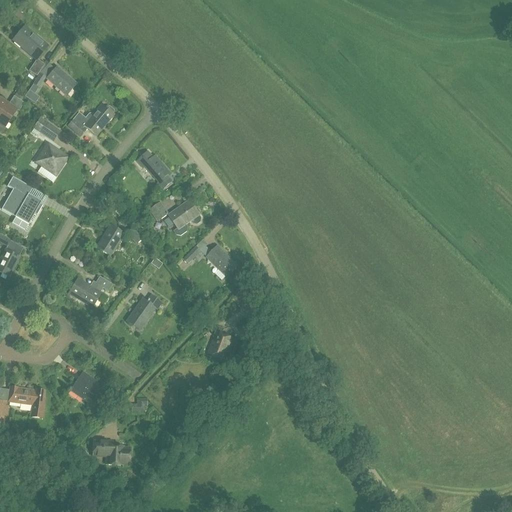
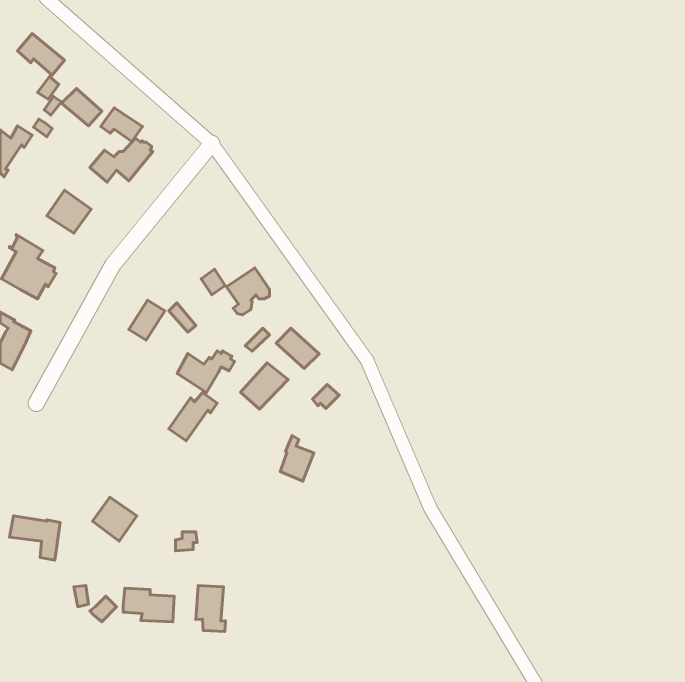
building: [30,116,61,141] -> [101,108,142,141]
building: [144,155,172,188] -> none
building: none -> [241,363,288,409]
building: [69,275,112,306] -> [177,351,235,392]
building: none -> [196,585,225,631]

